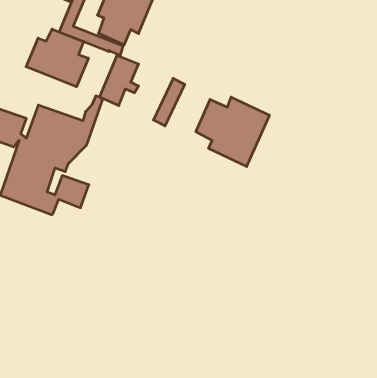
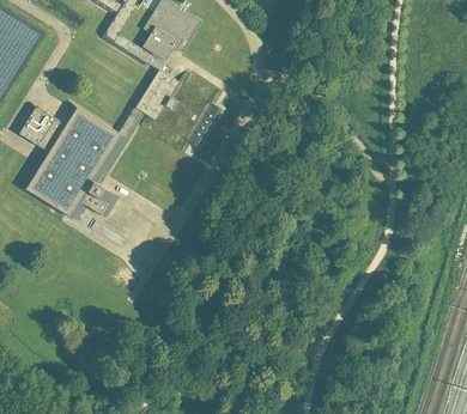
building: [26,29,88,87] -> none
building: [196,97,269,167] -> none

